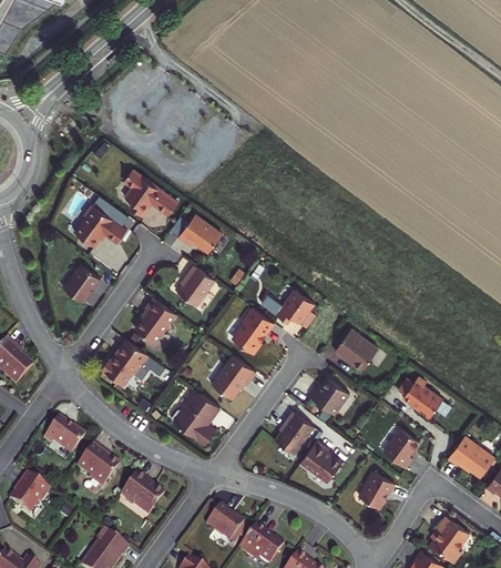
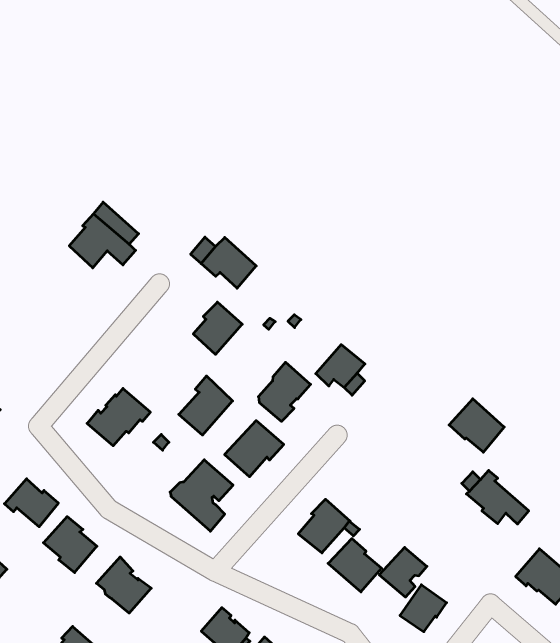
building: [124,170,177,216] -> none
building: [65,264,100,302] -> none
building: [134,296,175,343] -> [179,376,233,435]
building: [335,328,378,369] -> [449,399,504,452]
building: [309,378,348,415] -> none
building: [382,428,419,467] -> [379,547,427,597]

